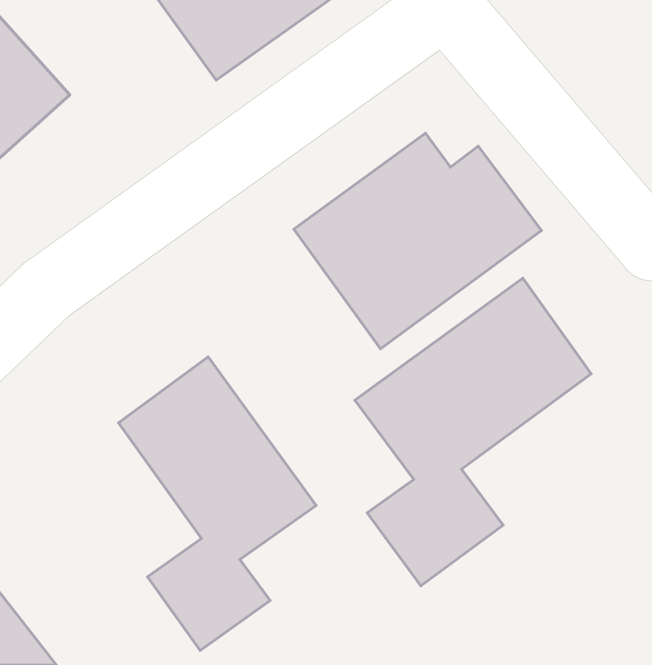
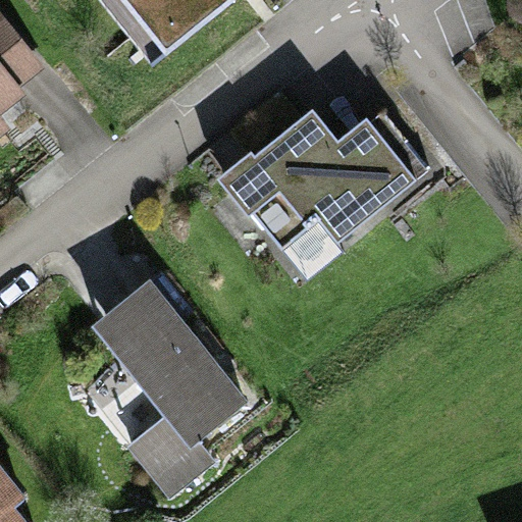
building: [355,278,591,586] -> none

